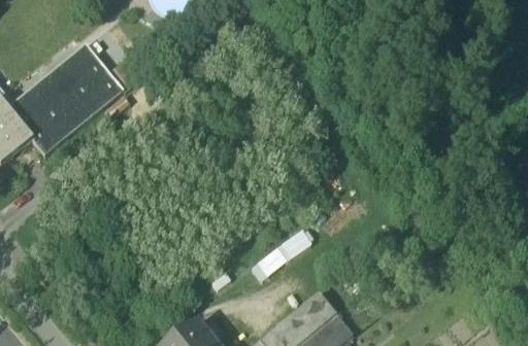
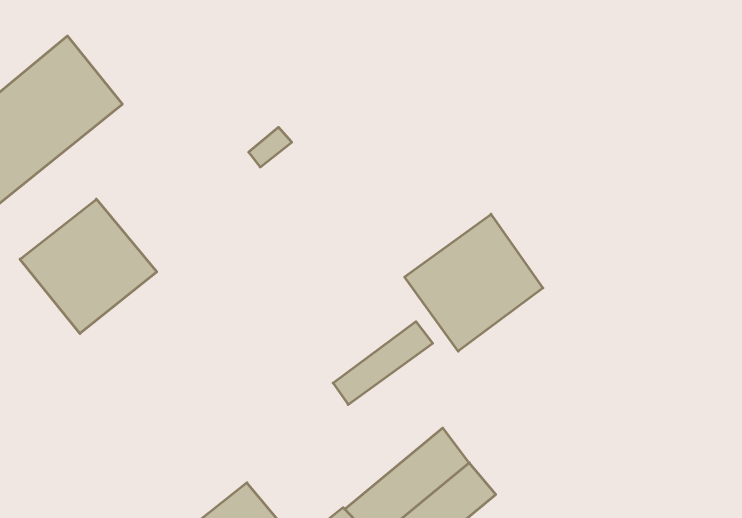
building: none -> [20,199,157,334]
building: none -> [405,214,543,351]

